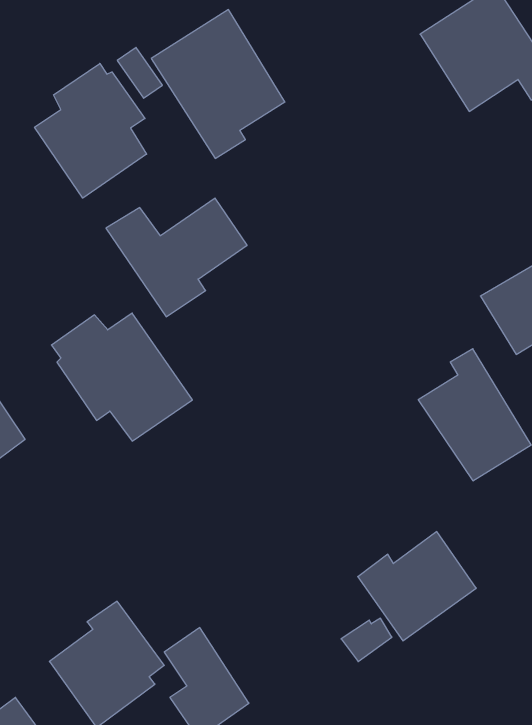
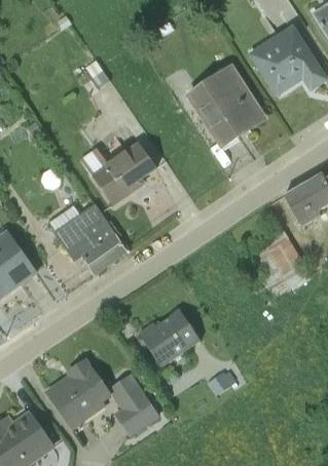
building: [151,10,285,158] -> [188,64,261,145]
building: [35,63,147,198] -> none
building: [358,532,476,641] -> [138,309,203,368]

